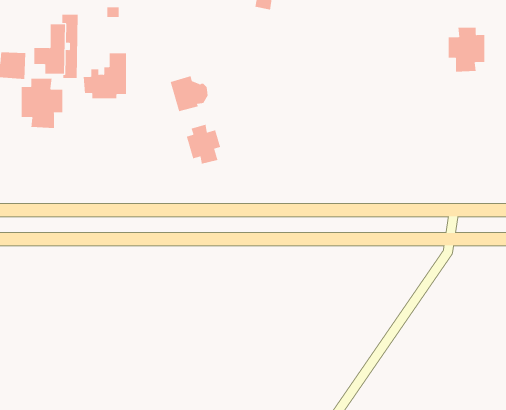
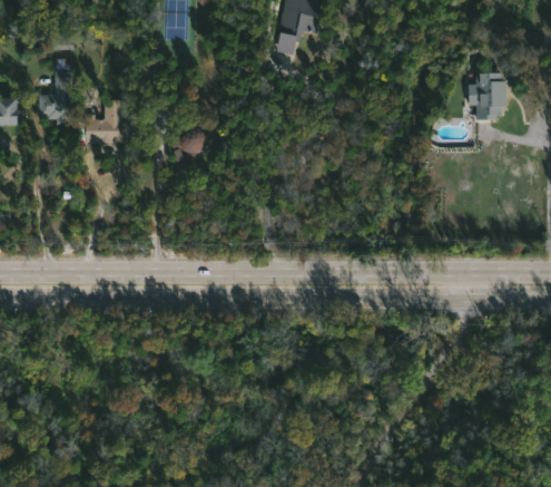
building: [21,78,63,129] -> none
building: [186,124,221,164] -> none

